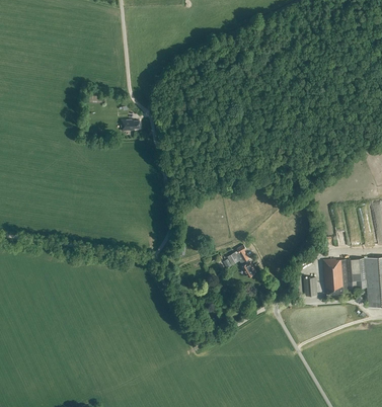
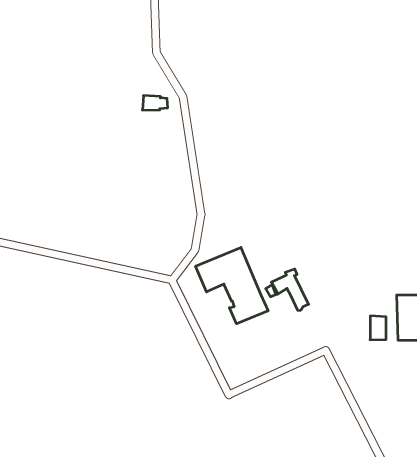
building: none -> [196,247,268,324]

